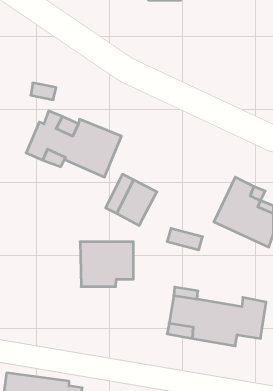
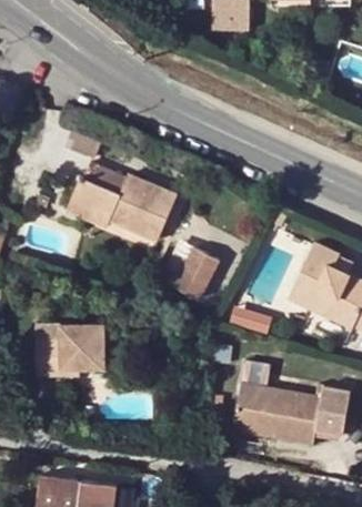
building: [80,242,133,287] -> [47,332,110,385]

